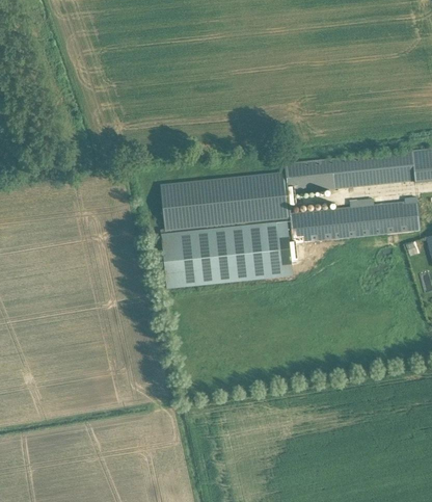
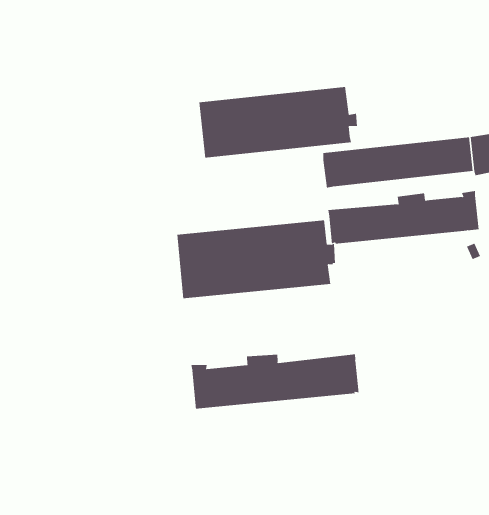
building: [160,170,296,232] -> [198,86,358,158]
building: none -> [191,354,359,410]

